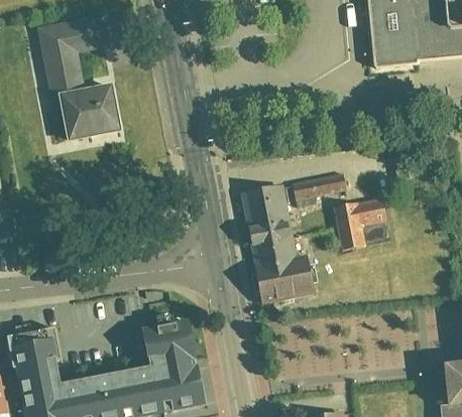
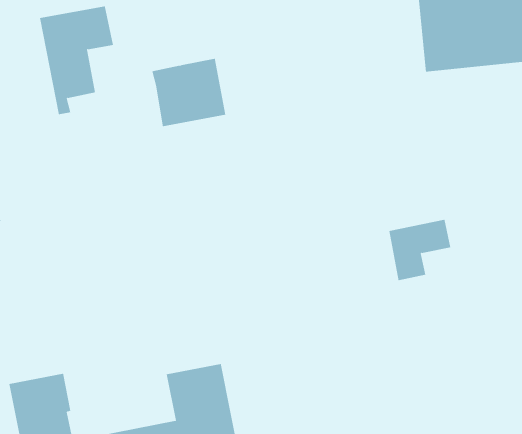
building: [60,82,123,140] -> [152,58,226,127]
building: [293,171,345,198] -> none
building: [240,183,315,303] -> none

